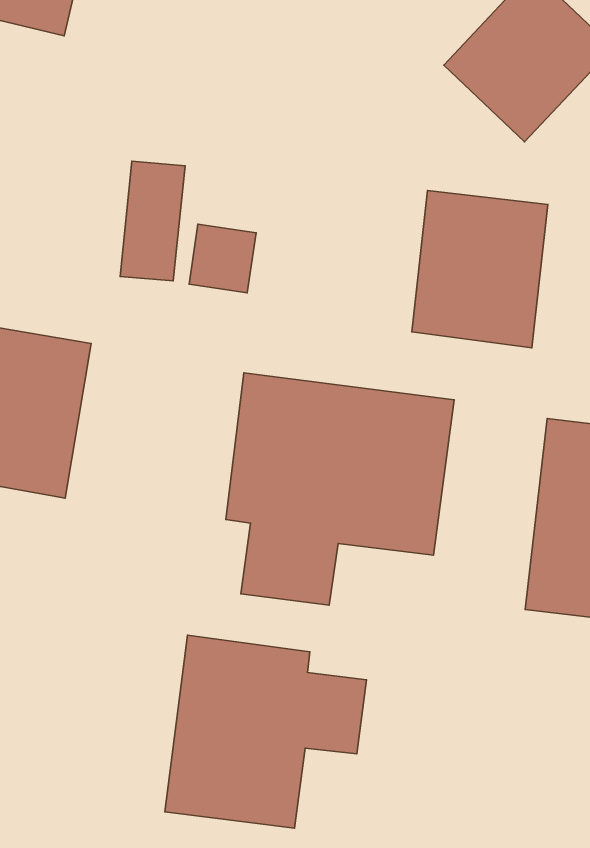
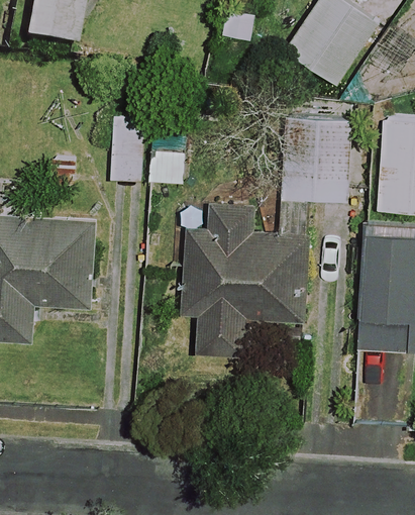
building: [165,635,367,828] -> none

